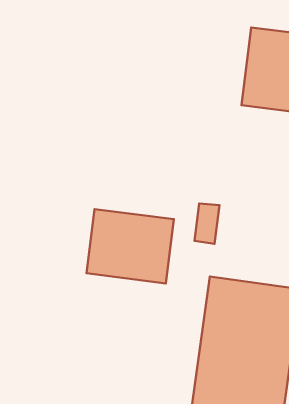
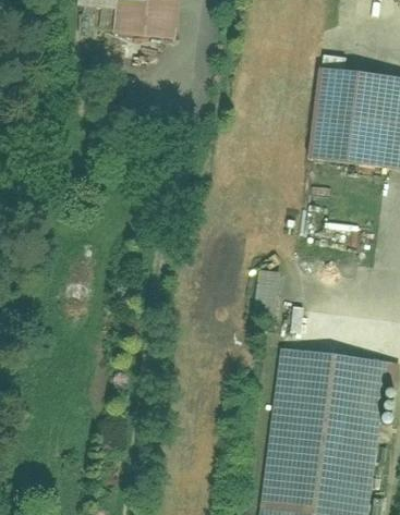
building: [86,209,174,283] -> none

